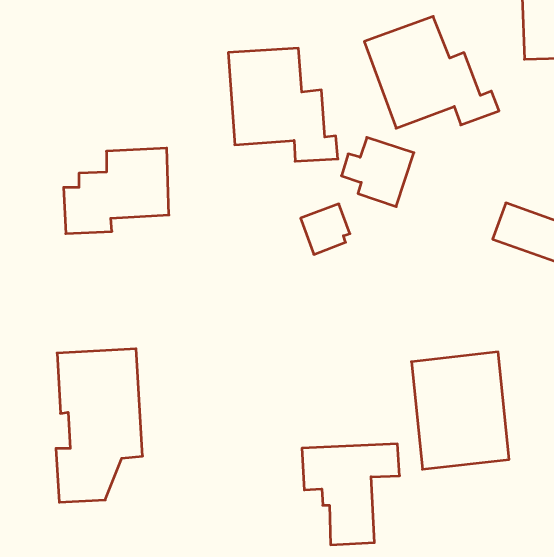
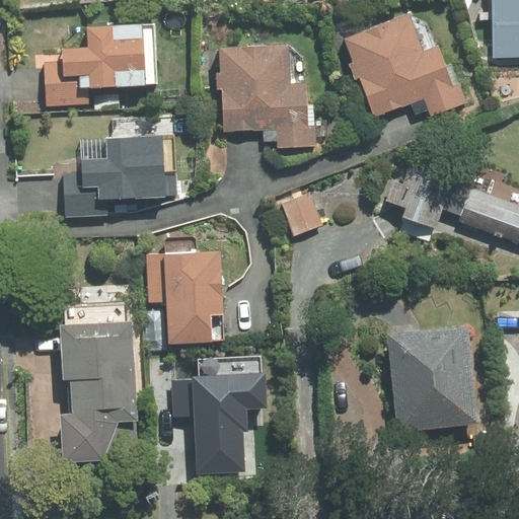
building: none -> [44,22,143,104]
building: [341,137,414,207] -> [386,167,453,231]
building: none -> [150,236,224,346]
building: [302,444,400,545] -> [176,375,267,468]

